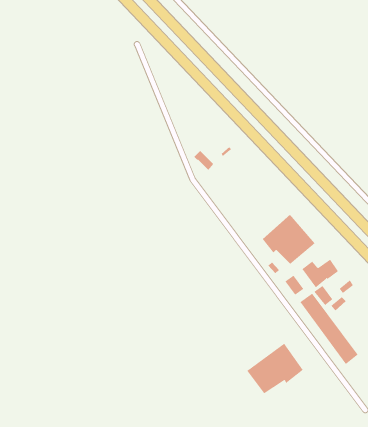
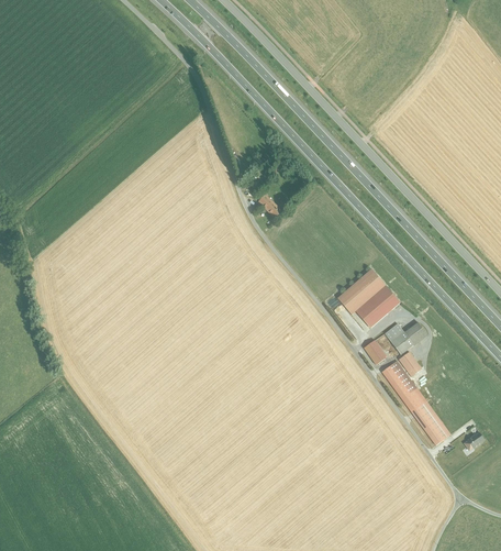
building: [246,343,304,394] -> none

